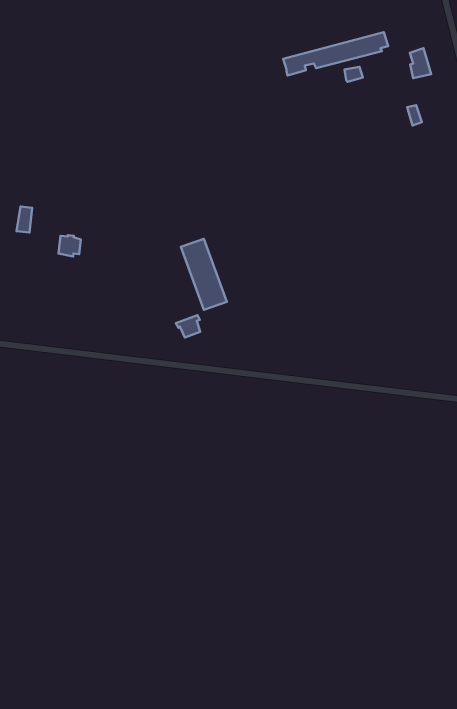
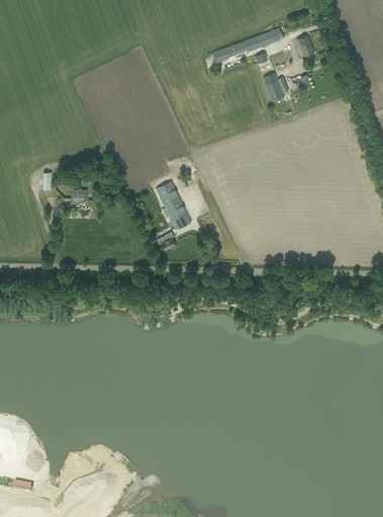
building: none -> [264,75,288,102]

